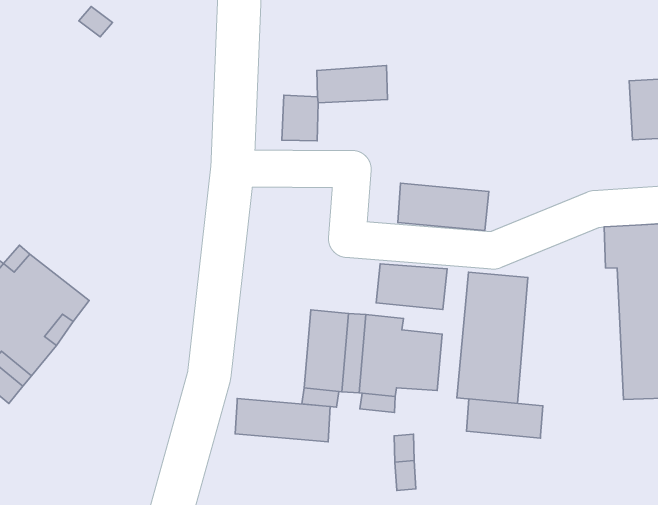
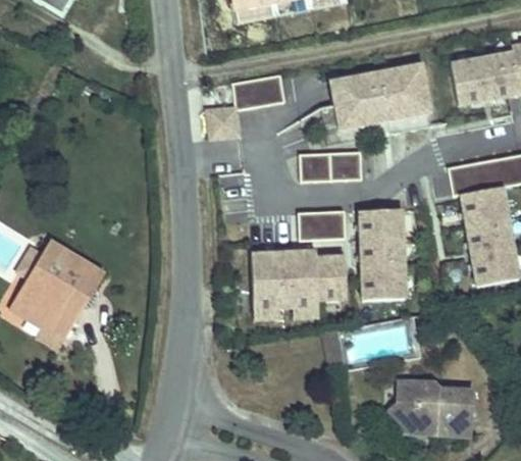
building: none -> [340,63,436,126]
building: [235,399,330,442] -> none
building: [466,399,543,438] -> none

